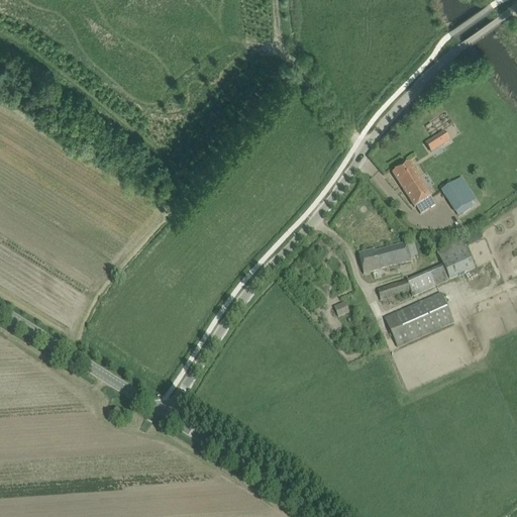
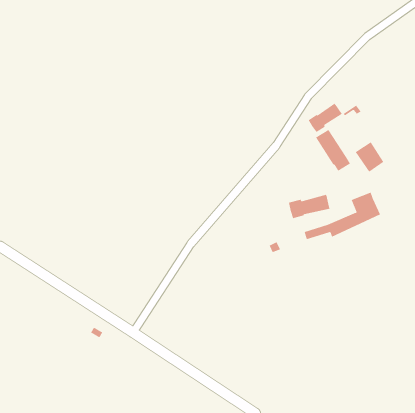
building: none -> [308,102,342,133]
building: [385,292,453,345] -> none

